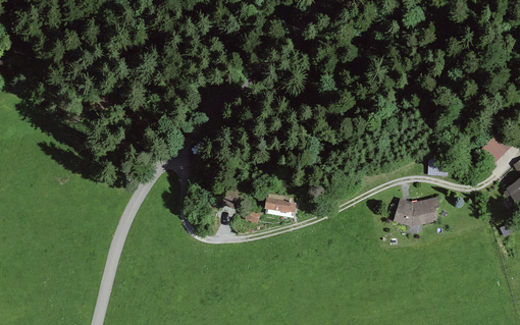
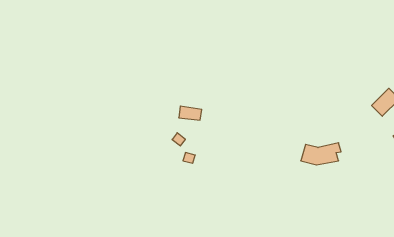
building: [267,196,296,213] -> [179,106,202,120]

